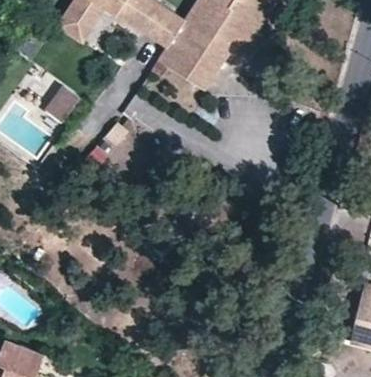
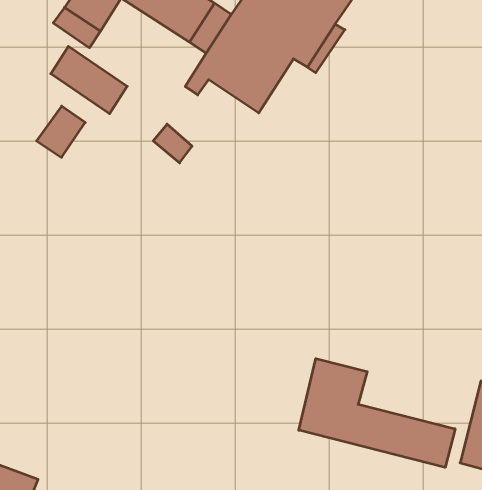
building: none -> [51,46,127,114]
building: none -> [299,359,455,467]

